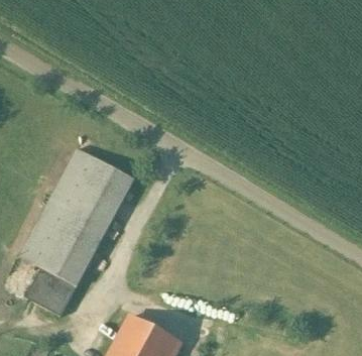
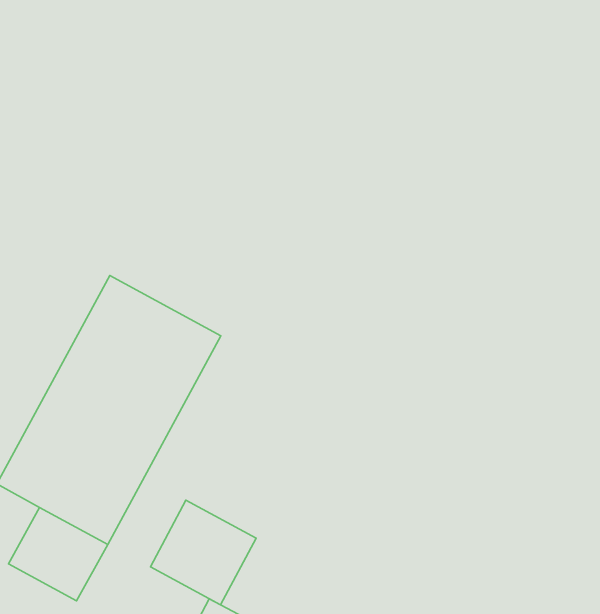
building: none -> [150,500,256,605]

